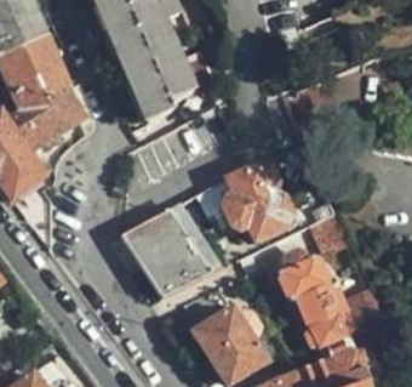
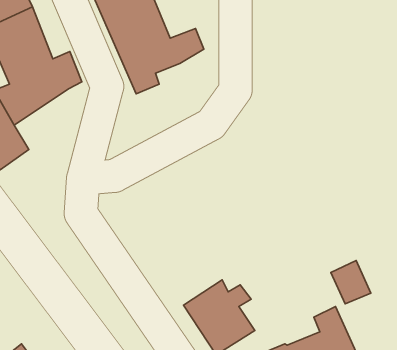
building: [218,159,292,240] -> none
building: [122,207,214,297] -> none
building: [281,250,348,348] -> none

